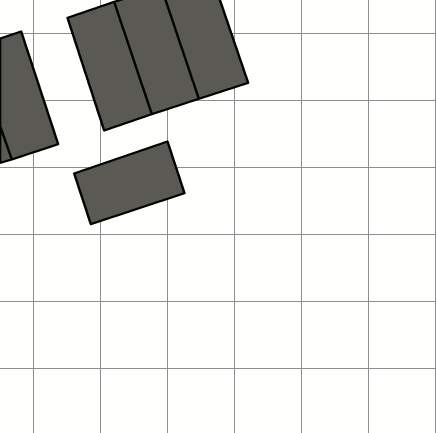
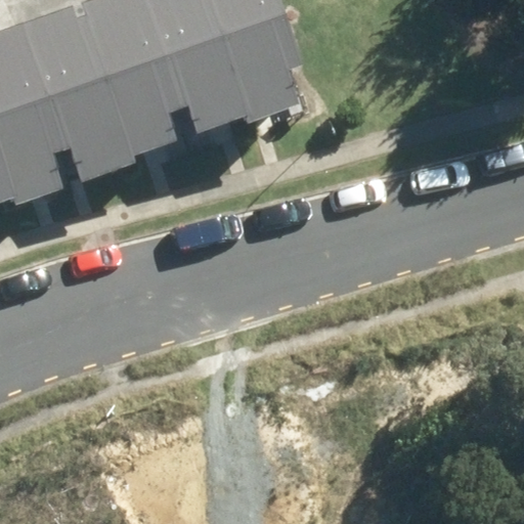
building: none -> [26,21,125,173]
building: [74,141,185,224] -> none

